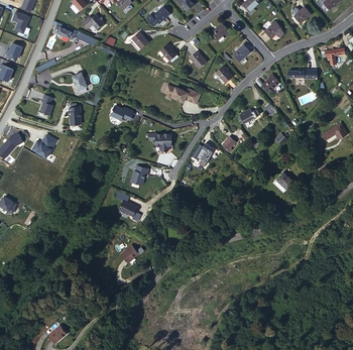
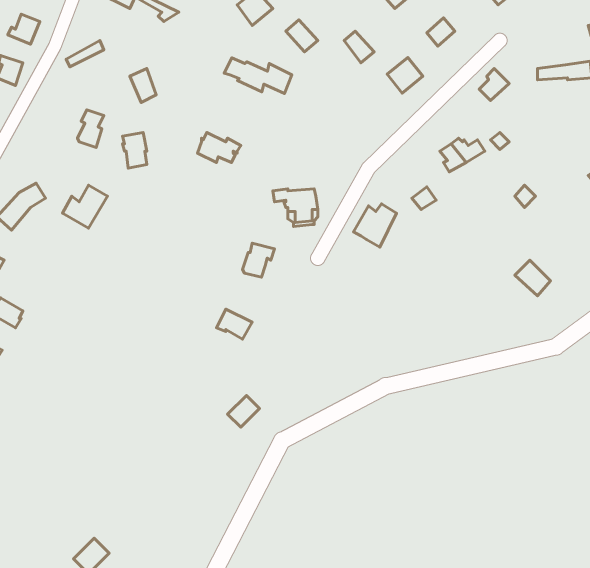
building: [164,85,201,104] -> [224,58,292,94]

